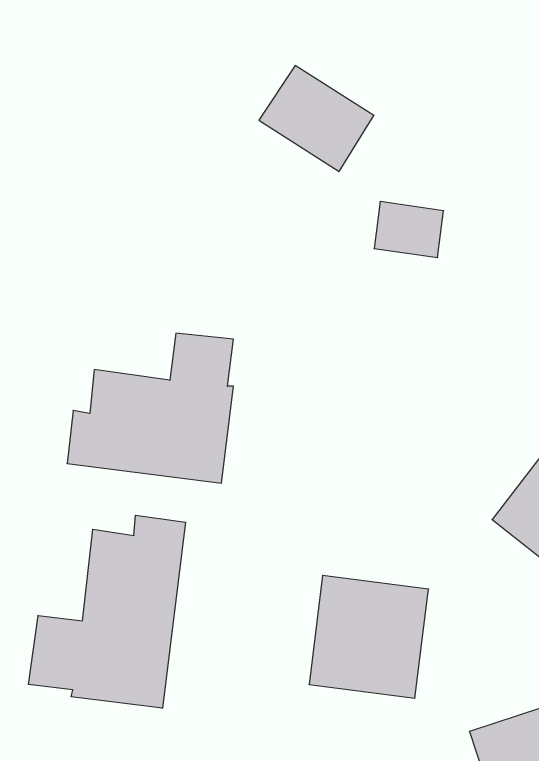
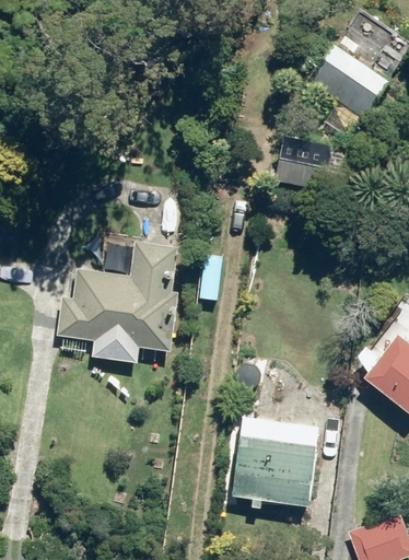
building: [259,66,374,171] -> [306,43,389,119]
building: [28,515,185,708] -> none

